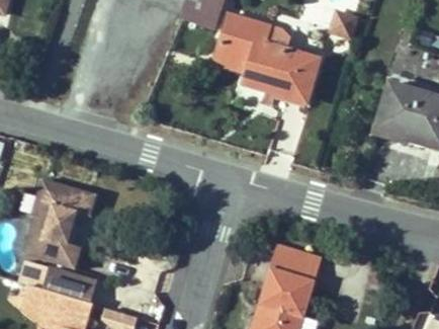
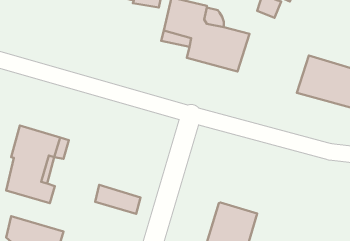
building: [279,245,330,278] -> none
building: [46,265,99,300] -> [95,185,140,214]

